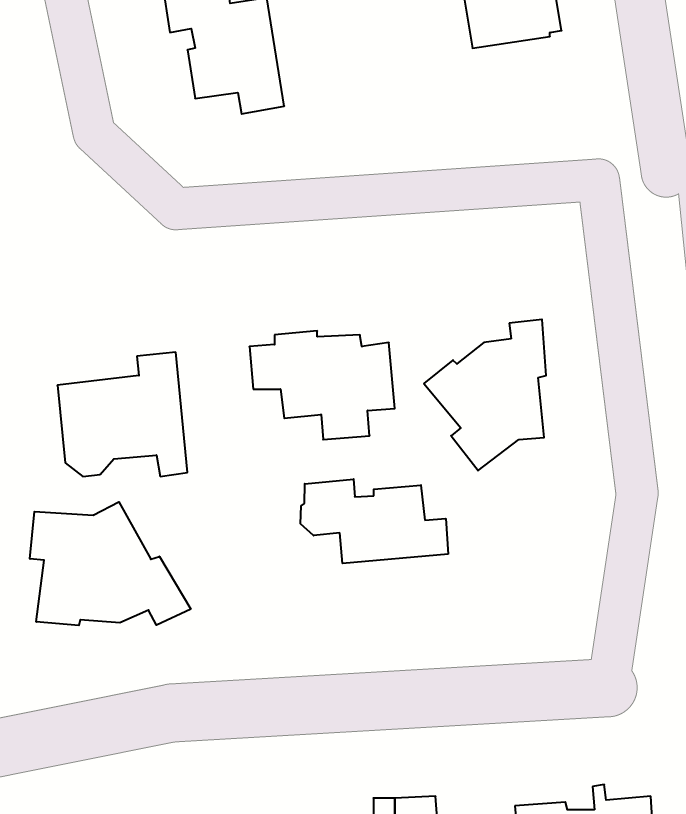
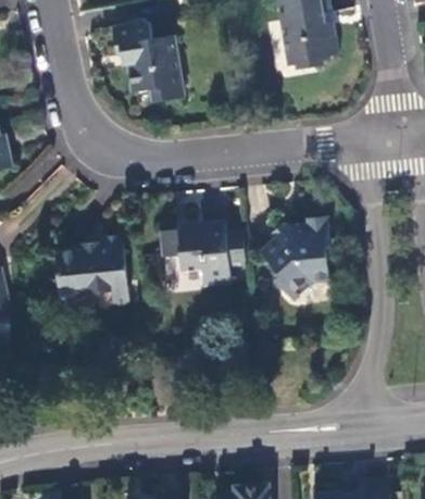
building: [301,479,448,563] -> none
building: [30,502,191,625] -> none

